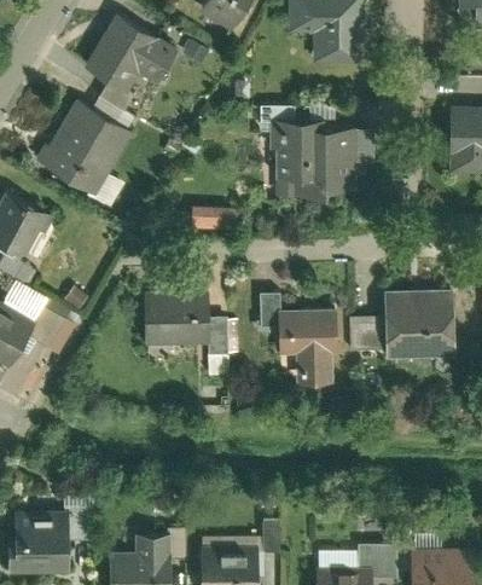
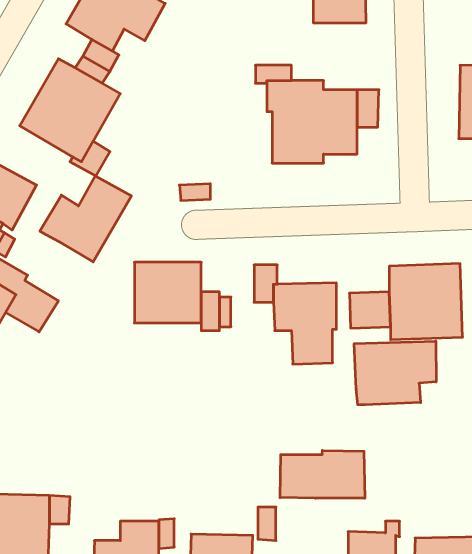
building: none -> [40,176,131,262]
building: none -> [354,341,436,405]
building: none -> [280,450,365,498]

